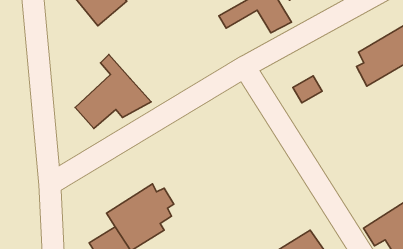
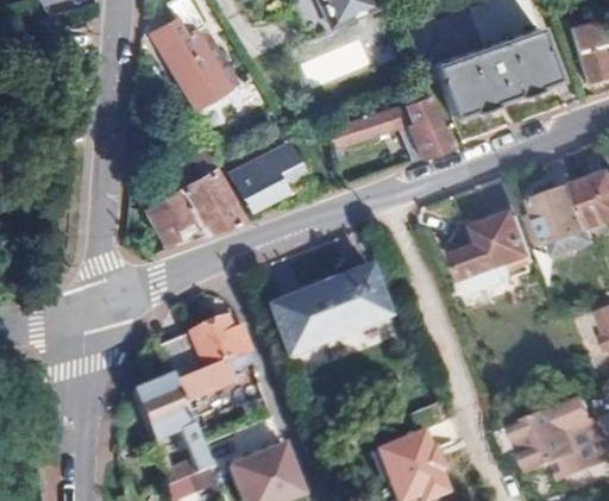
building: none -> [457,175,530,280]
building: none -> [230,144,299,211]
building: none -> [268,255,391,357]

